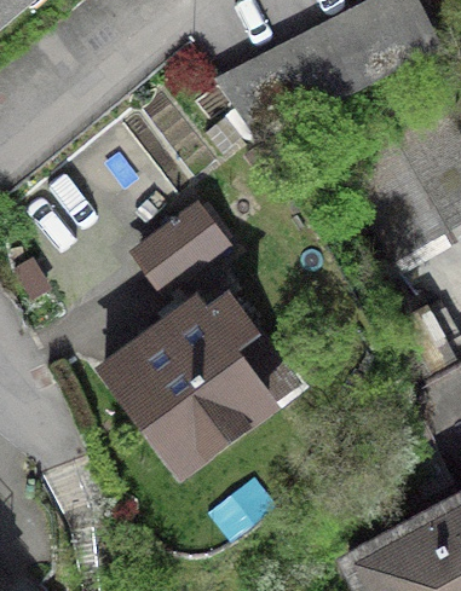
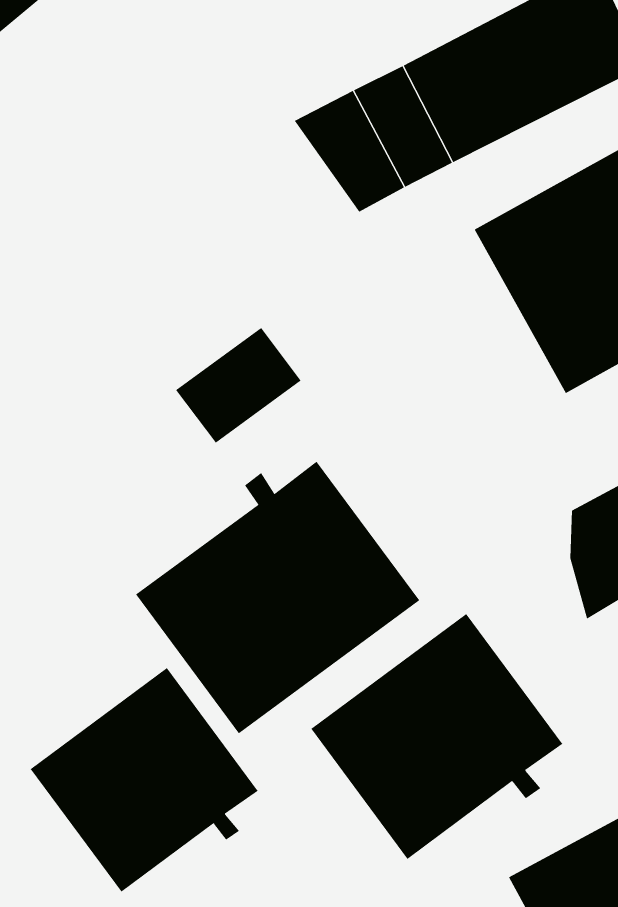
building: none -> [311,613,563,860]
building: none -> [30,667,258,893]

